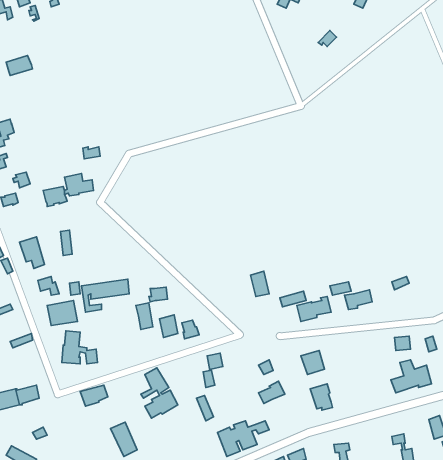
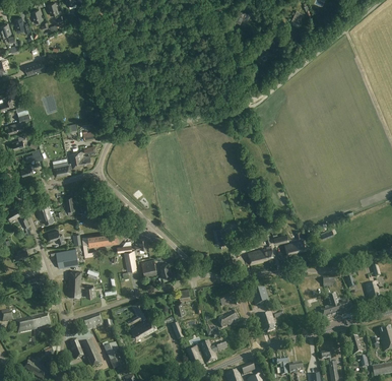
building: none -> [70,338,102,366]

